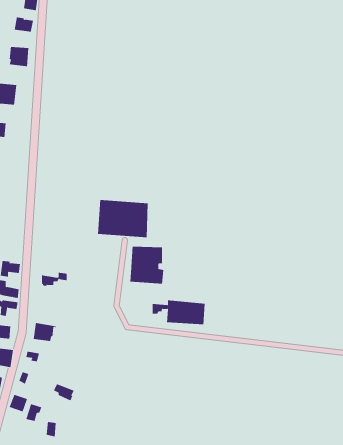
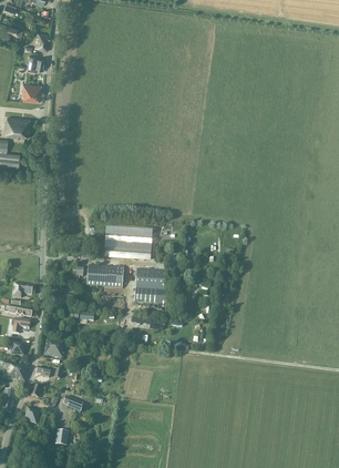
building: [152,300,205,325] -> [73,264,123,287]

